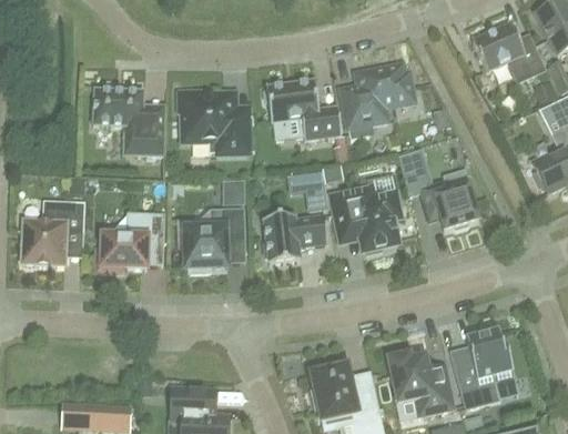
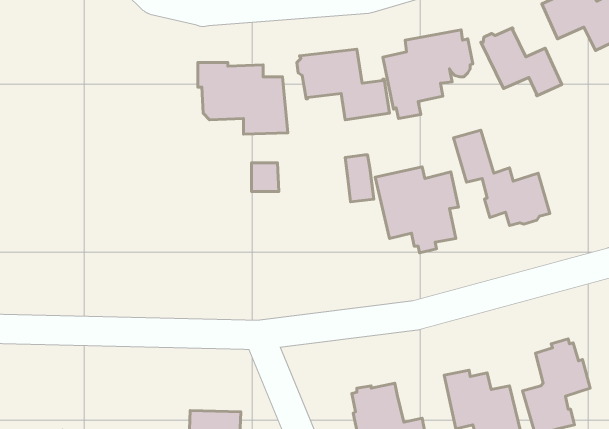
building: none -> [481,28,562,96]
building: [92,88,165,155] -> none
building: [20,200,85,264] -> none
building: [178,208,243,272] -> none
building: [95,212,164,272] -> none
building: [263,215,327,263] -> none

